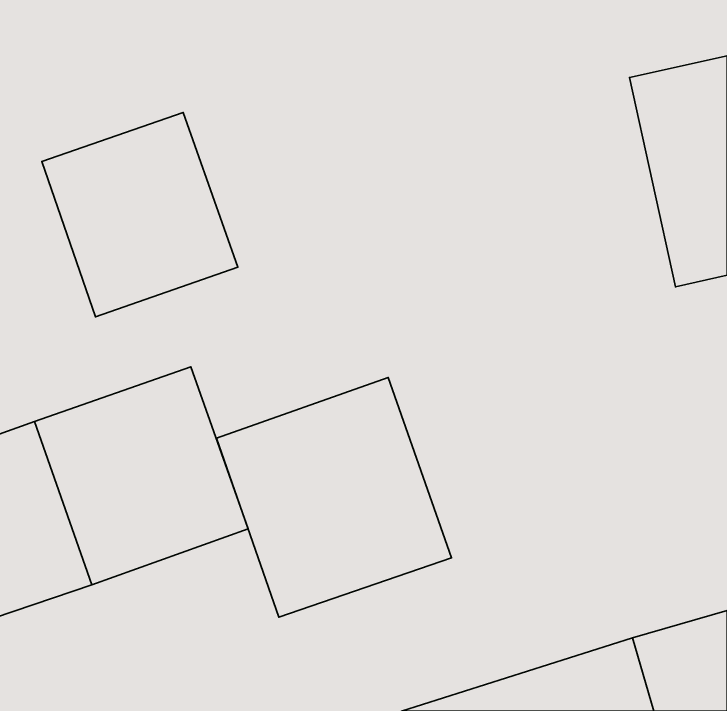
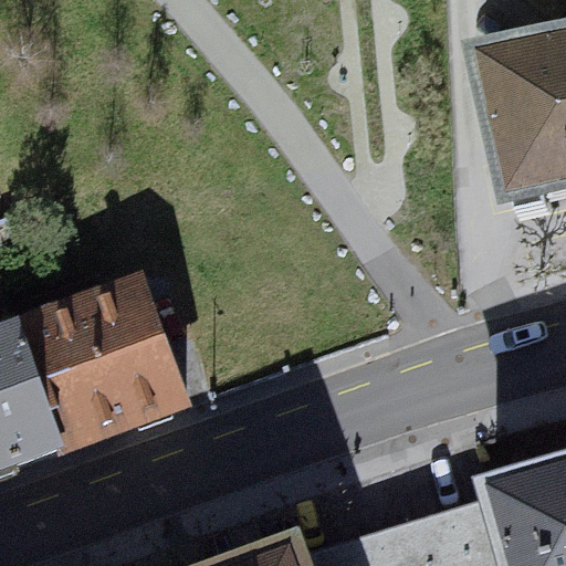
building: [42,112,238,317] -> none
building: [216,378,452,617] -> none

